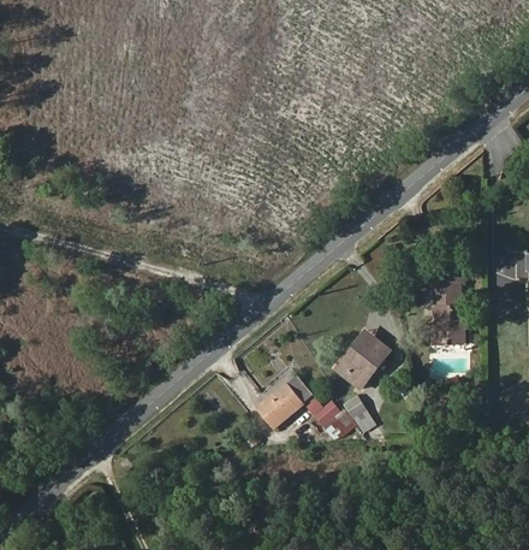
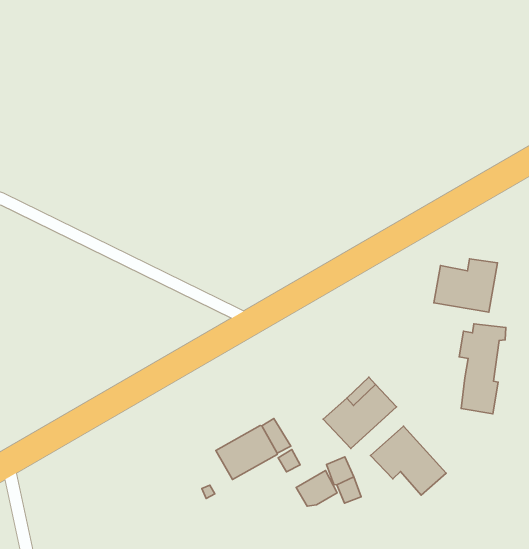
building: none -> [434,259,498,312]
building: none -> [371,426,446,495]

